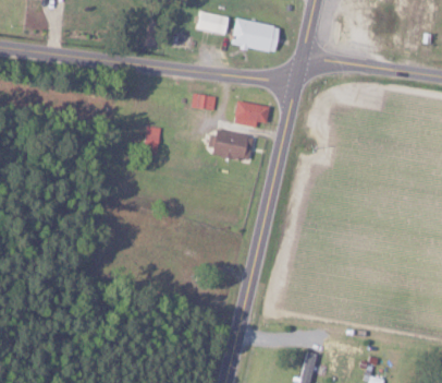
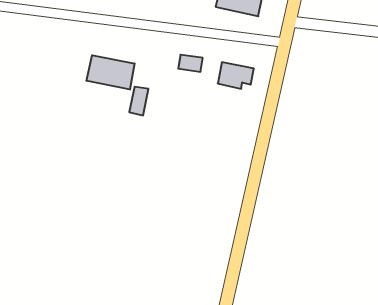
building: none -> [87,55,135,90]
building: [209,128,254,163] -> none

